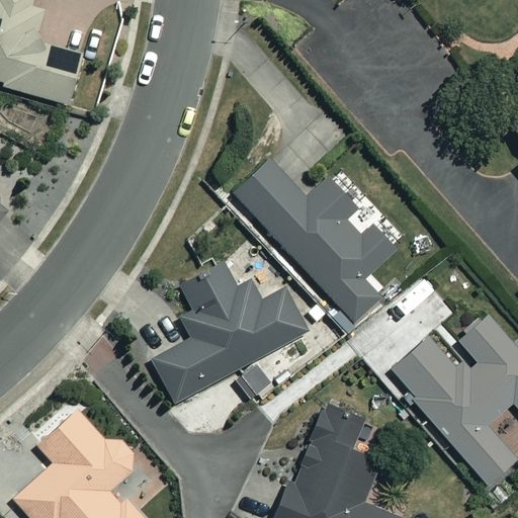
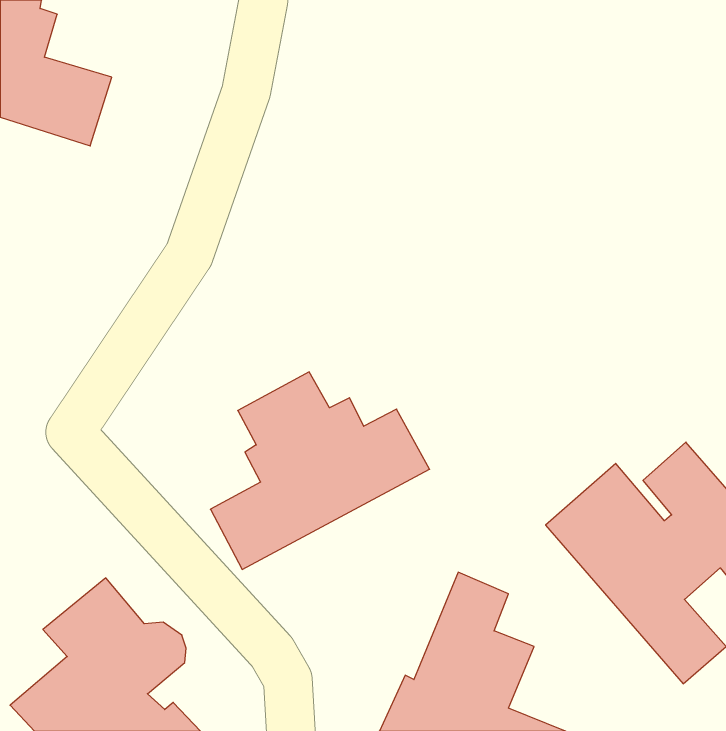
building: [232,159,396,326] -> none

